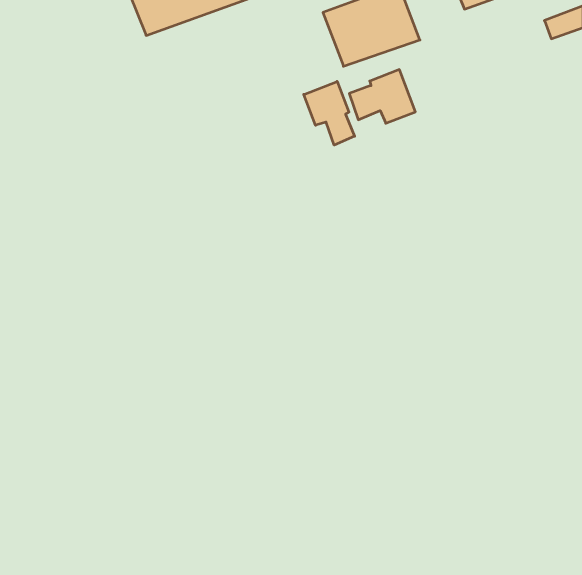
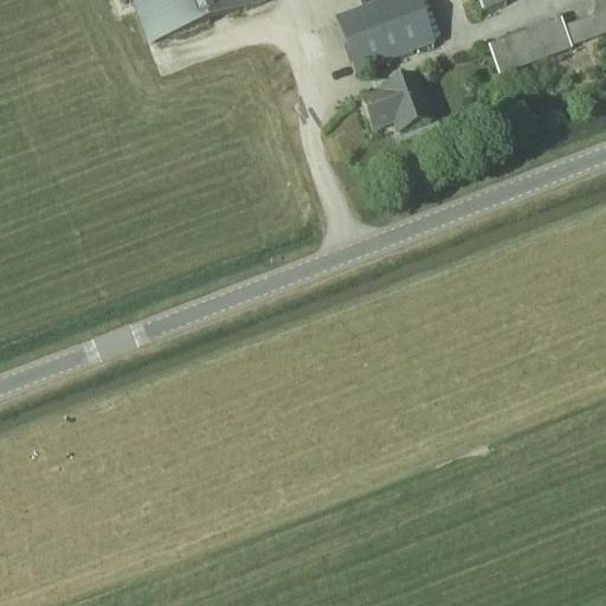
building: none -> [488,8,572,70]
building: [304,81,355,145] -> none

